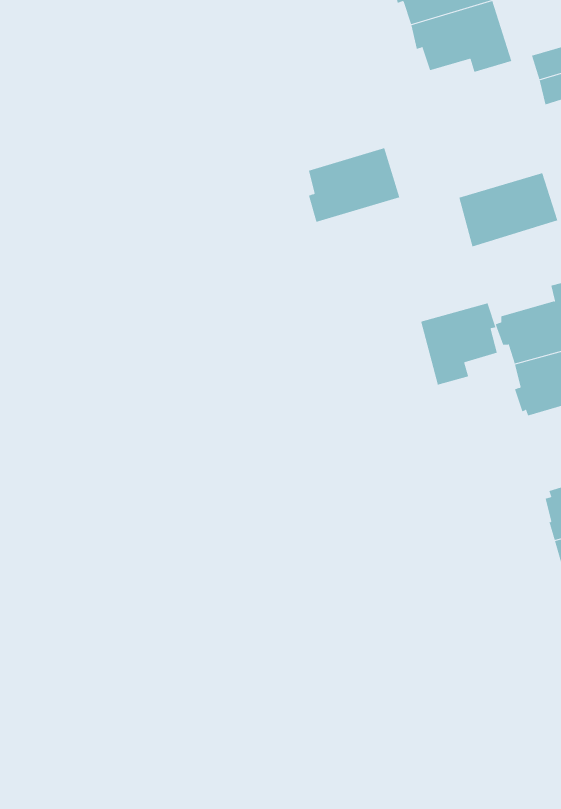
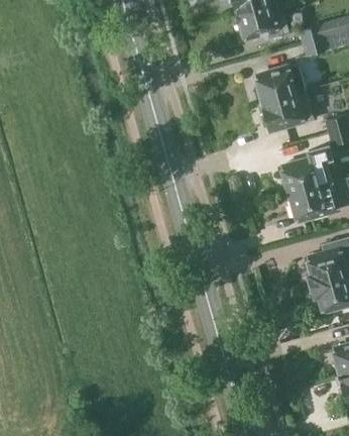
building: [308,148,400,222] -> [256,66,305,105]
building: [420,303,497,385] -> none

